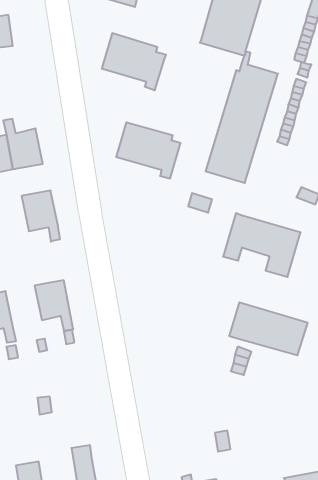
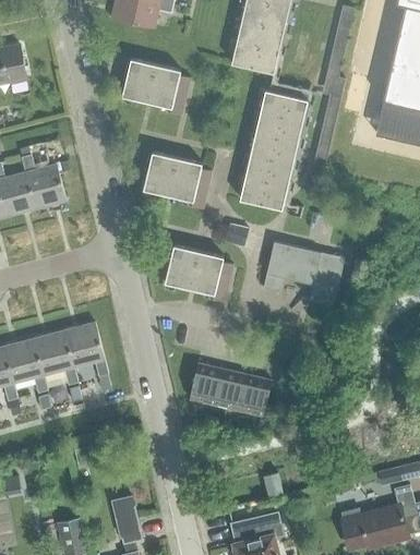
building: [22,190,60,242] -> [34,330,77,385]
building: none -> [165,244,232,302]
building: [229,302,308,355] -> [189,363,272,415]

